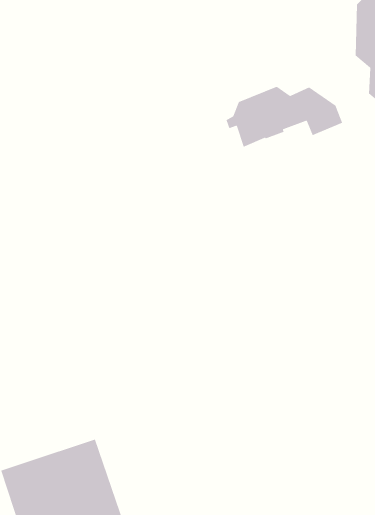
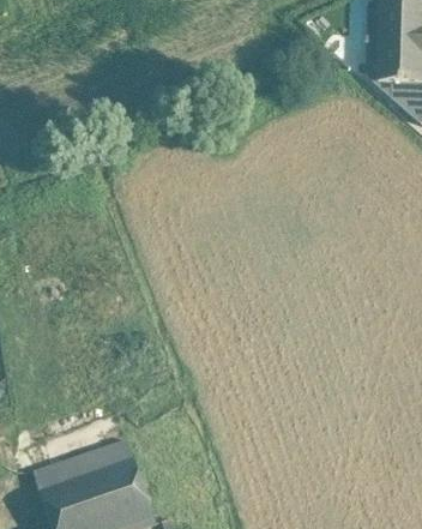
building: [226,86,343,148] -> none

